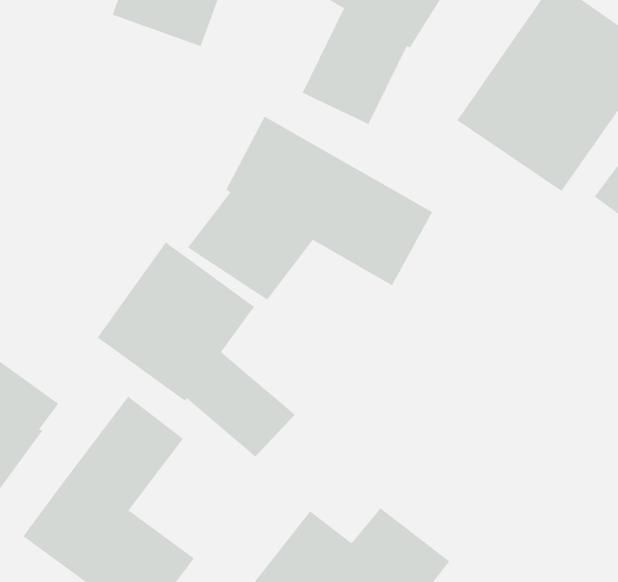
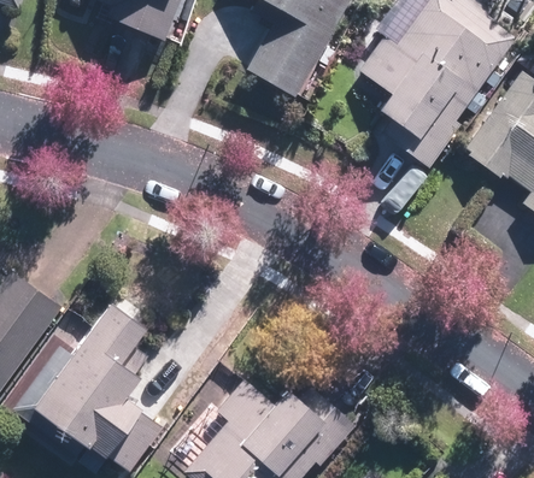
building: [187,116,433,300] -> none
building: [97,242,296,457] -> none

